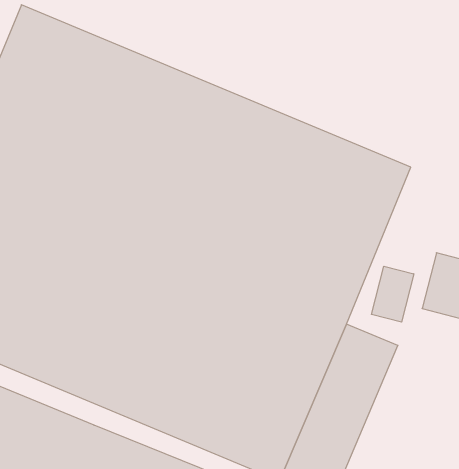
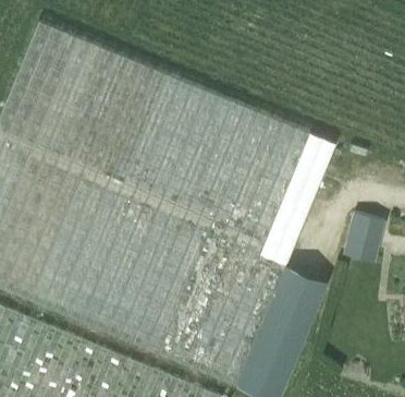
building: [371,266,414,322] -> none

